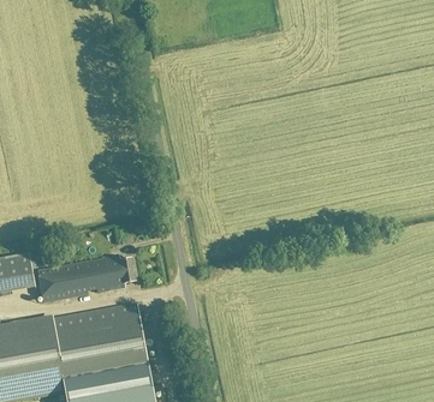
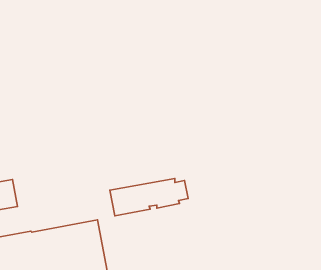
building: [37,254,136,301] -> [110,179,188,216]

